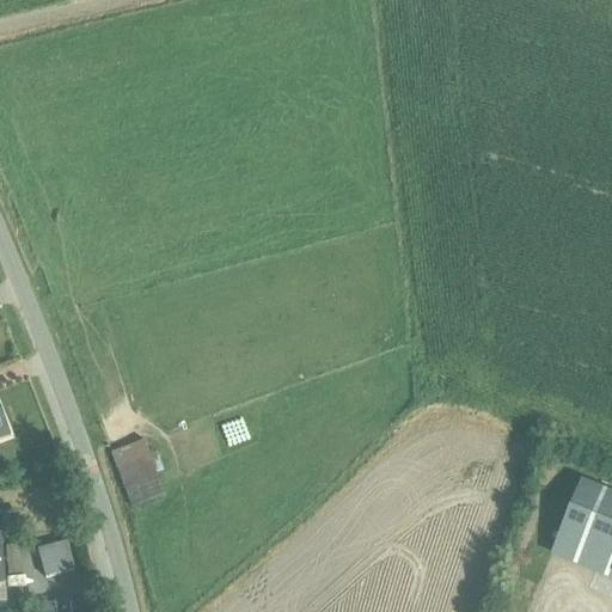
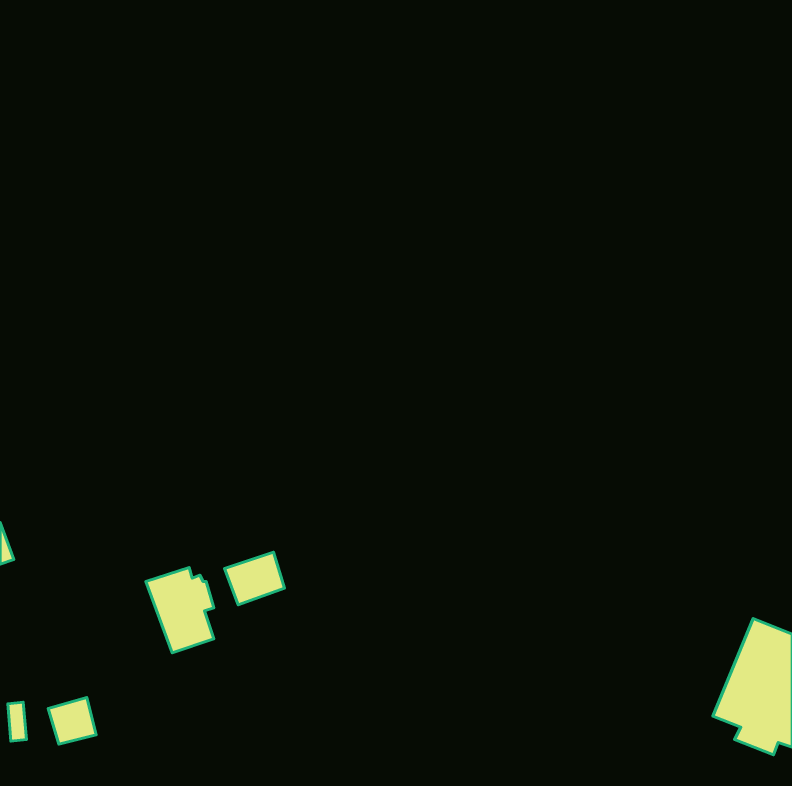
building: none -> [225,552,285,605]

